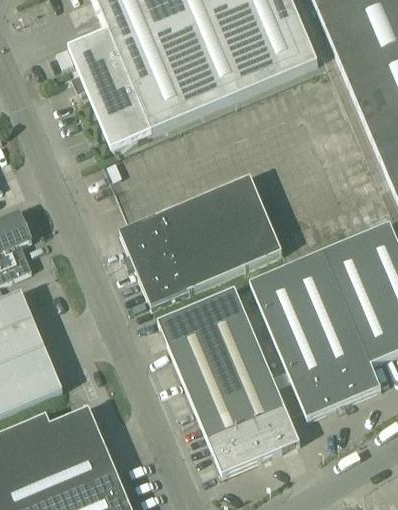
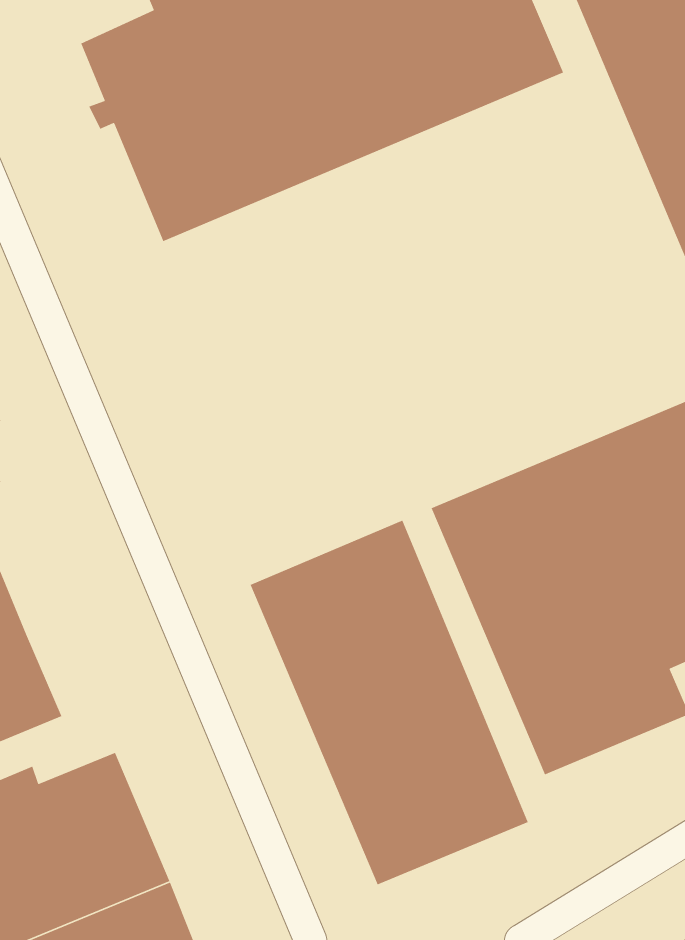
building: [119,175,282,305] -> none

